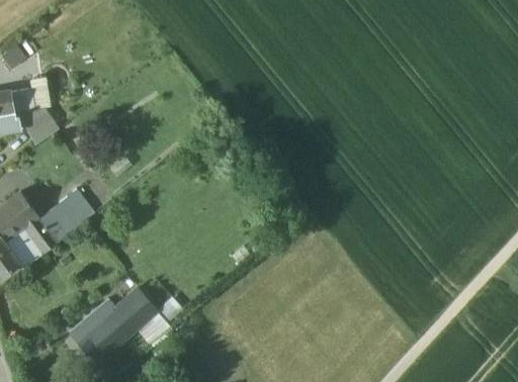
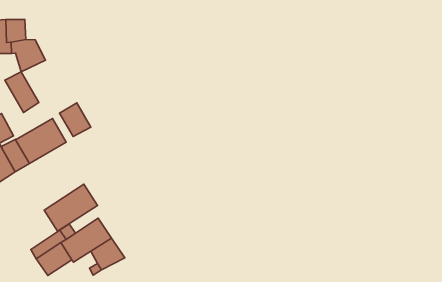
building: none -> [5,72,39,112]
building: none -> [60,103,91,137]
building: none -> [44,184,98,231]

